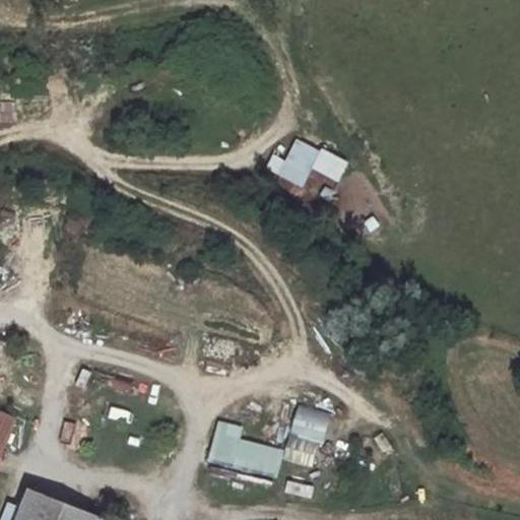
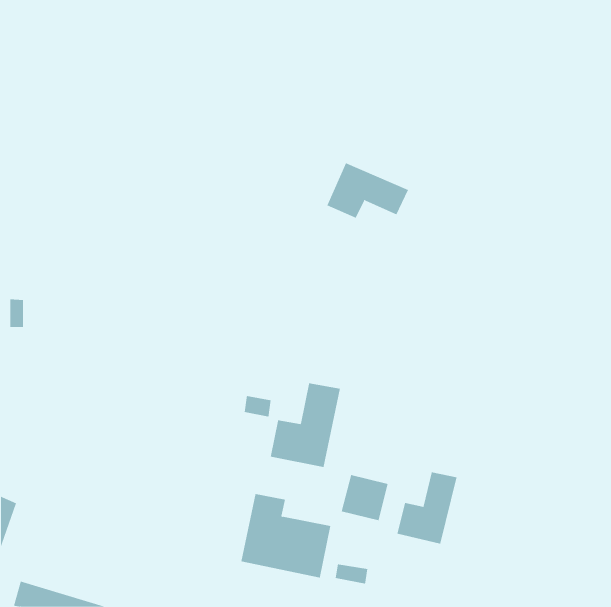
building: none -> [270,383,341,468]
building: none -> [397,472,457,545]

